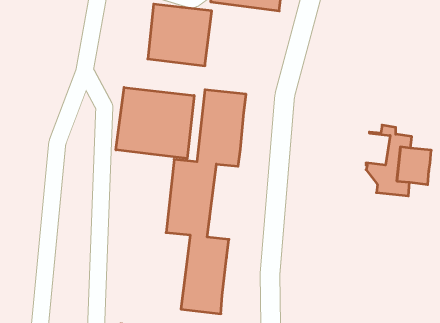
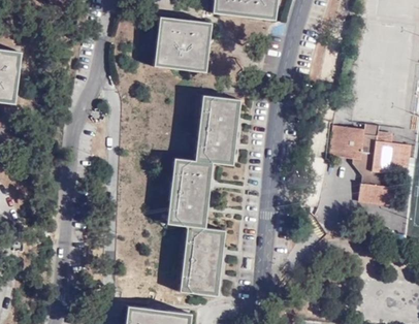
building: [116,87,194,158] -> none
building: none -> [329,129,373,160]
building: none -> [358,185,394,206]

